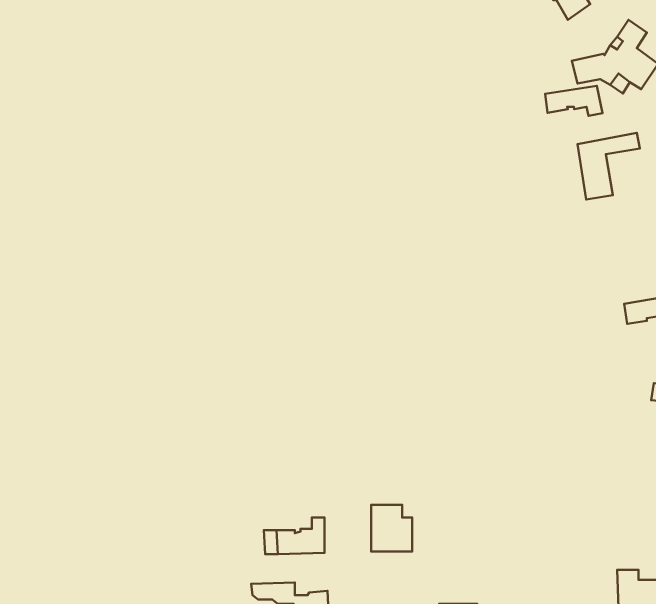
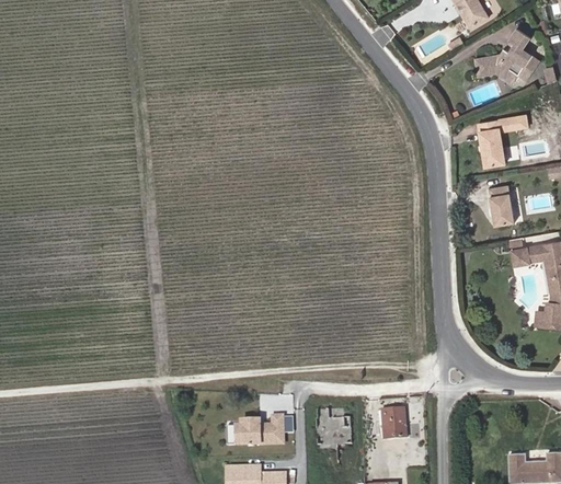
building: [545,86,602,116] -> none
building: none -> [491,185,517,227]
building: none -> [381,407,405,439]

